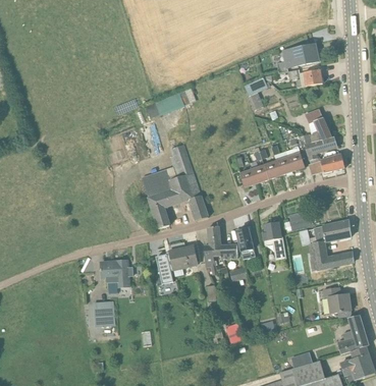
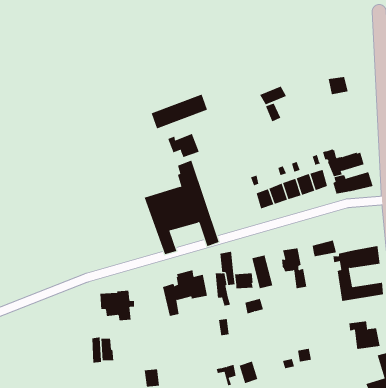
building: [283,45,319,67] -> none
building: [305,109,331,142] -> none
building: none -> [167,133,200,158]

